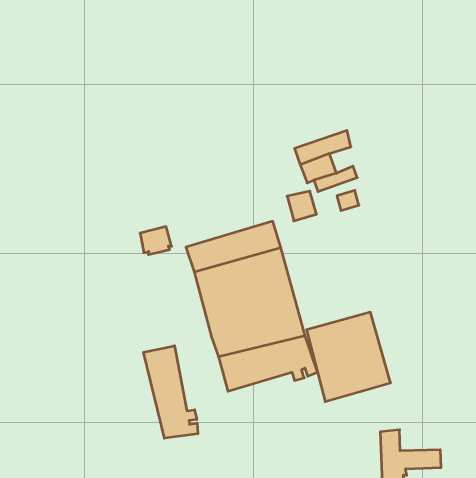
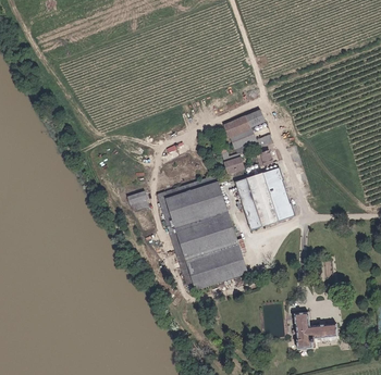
building: [307,312,391,402] -> [236,168,295,230]
building: [144,346,198,438] -> none

